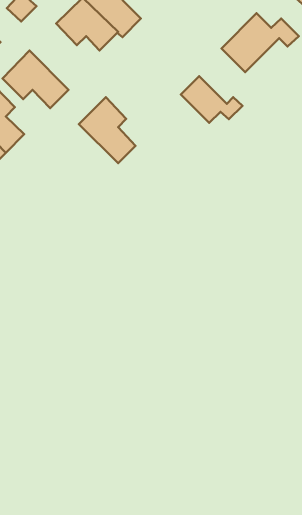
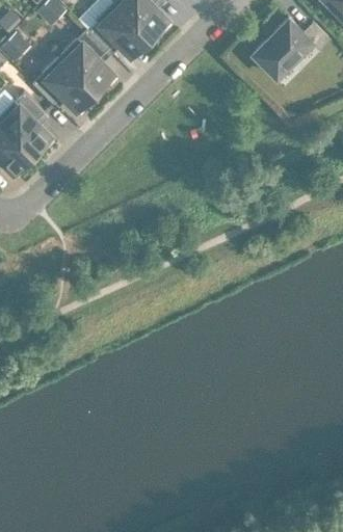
building: [181,76,242,123] -> none
building: [79,97,136,163] -> [60,28,117,95]

